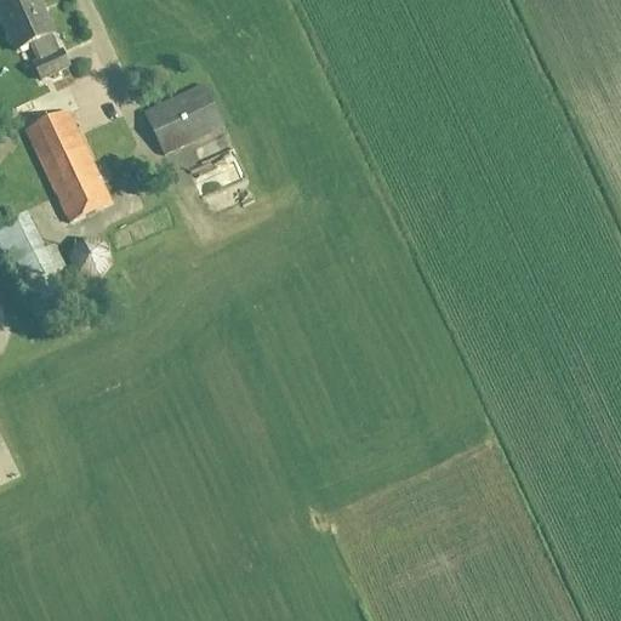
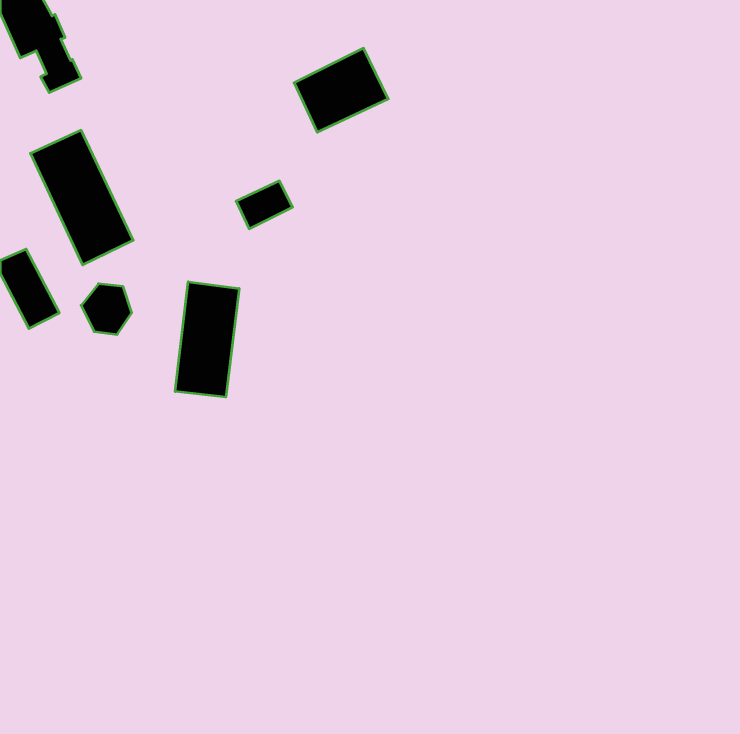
building: [144,82,223,153] -> [294,48,388,132]
building: none -> [175,282,239,397]

